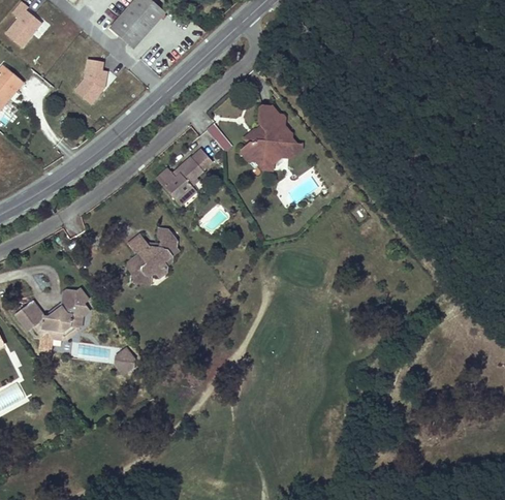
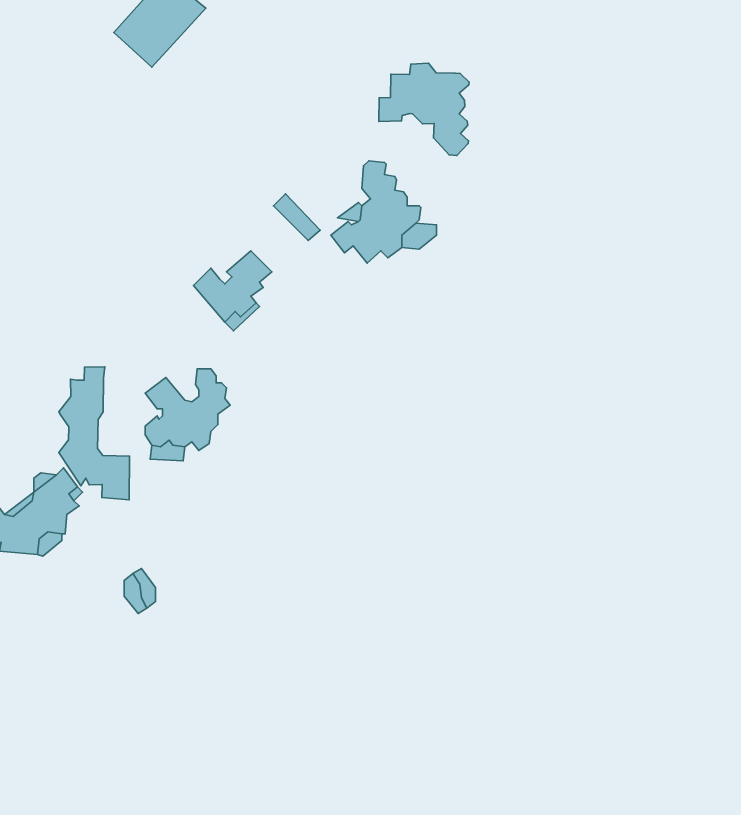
building: none -> [379,63,469,156]
building: [73,58,107,105] -> none
building: none -> [59,367,129,500]

